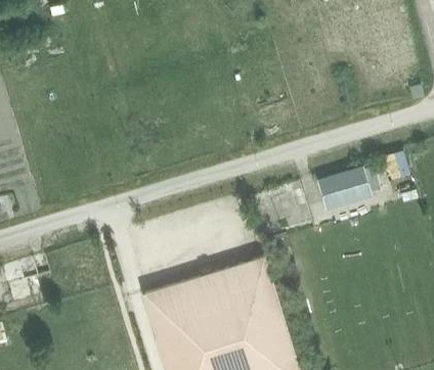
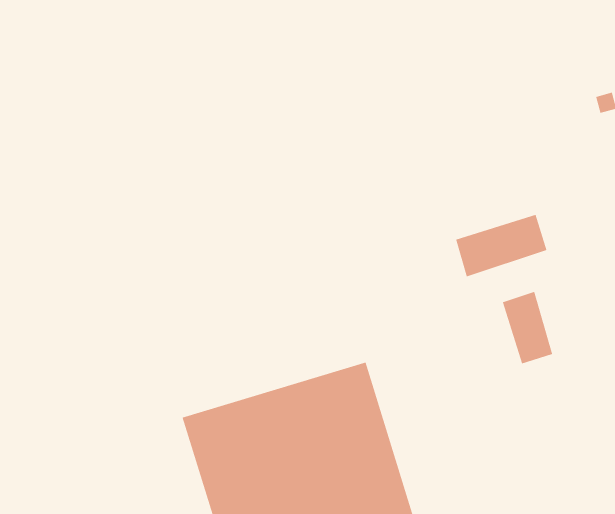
building: none -> [502,291,553,365]

